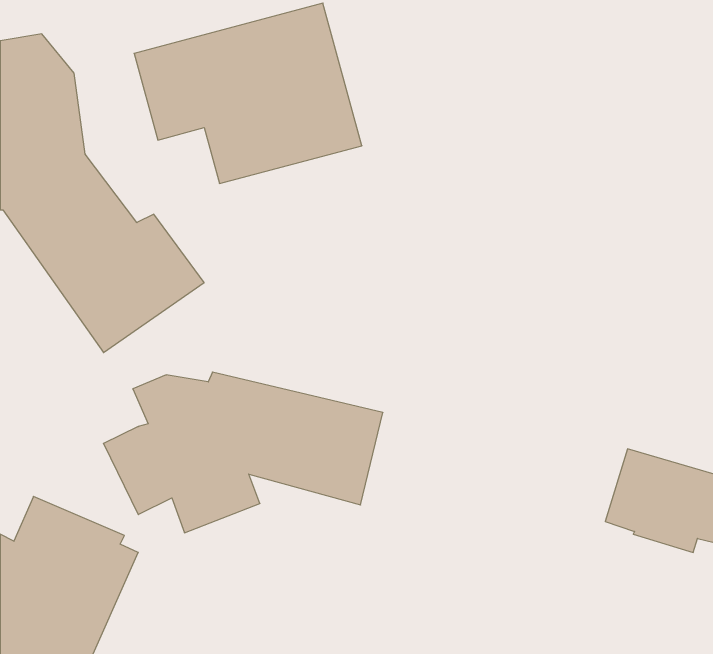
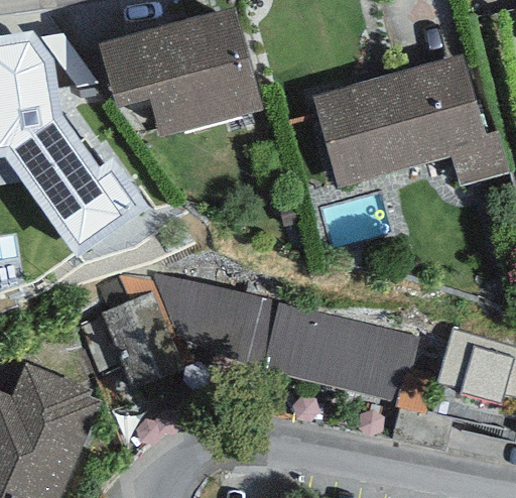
building: none -> [310,53,509,188]
building: none -> [260,301,430,413]

